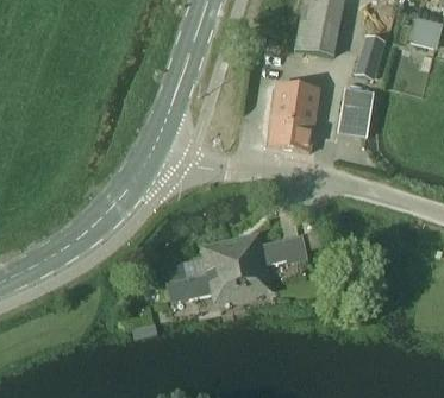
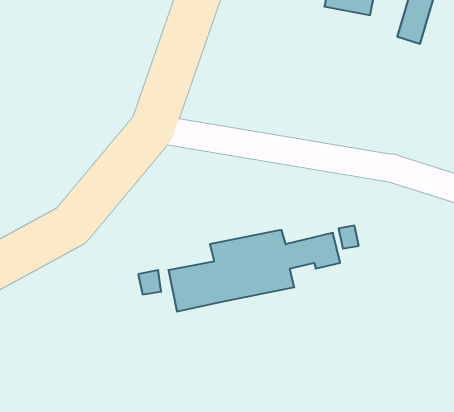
building: [268,82,319,150] -> none
building: [339,102,371,134] -> none

